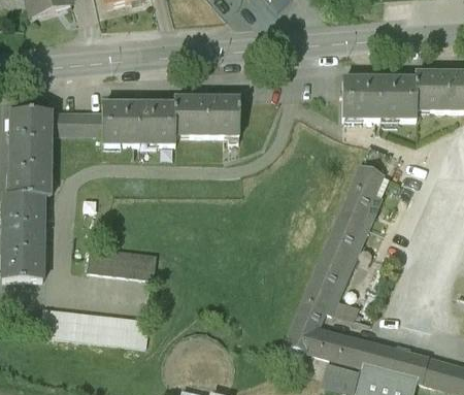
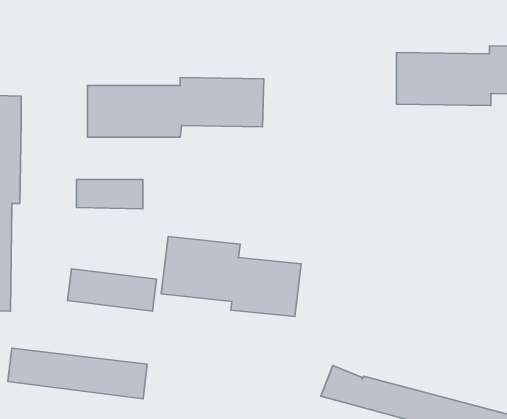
building: [51,111,102,134] -> [76,180,143,209]
building: [293,143,398,330] -> none
building: none -> [161,237,301,317]

